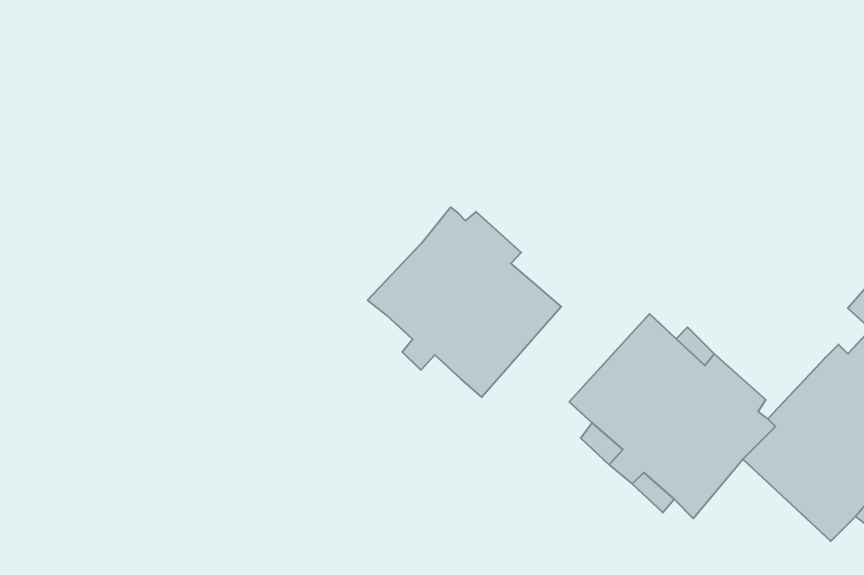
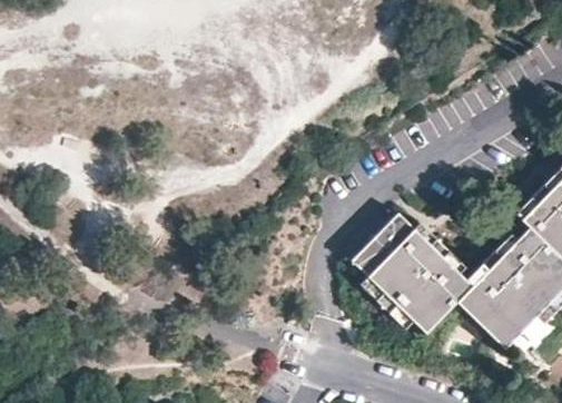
building: [368,207,561,397] -> none

